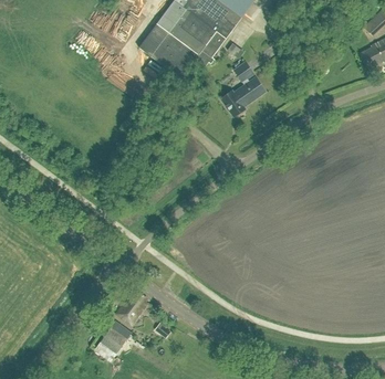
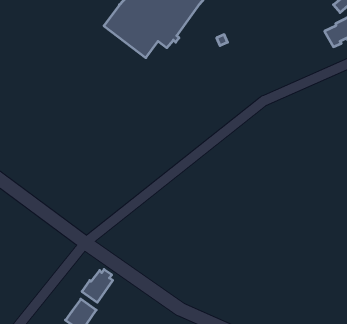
building: [221,62,264,116] -> none

